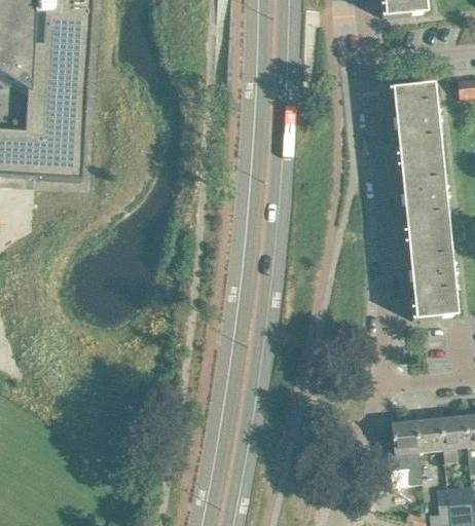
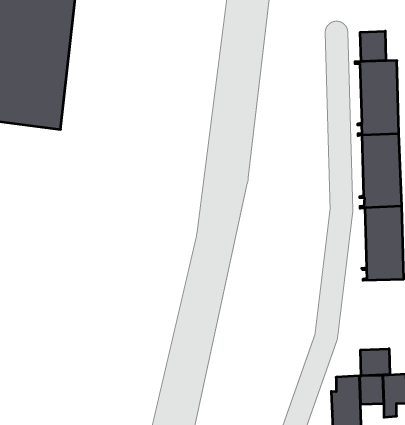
building: none -> [360,31,386,62]
building: none -> [361,349,390,376]

